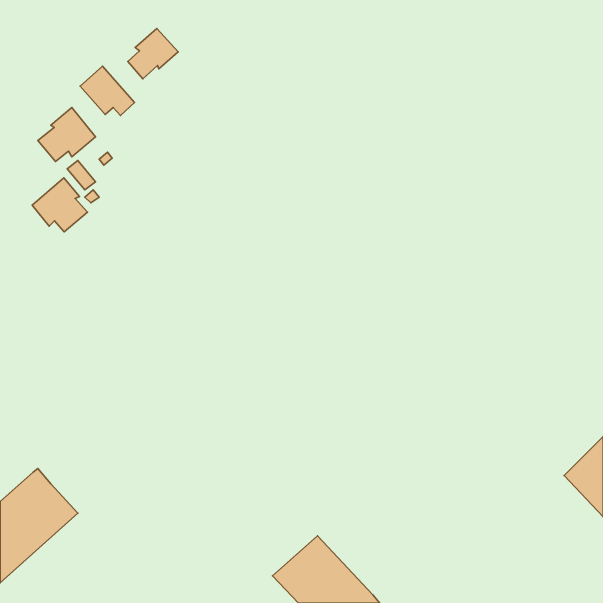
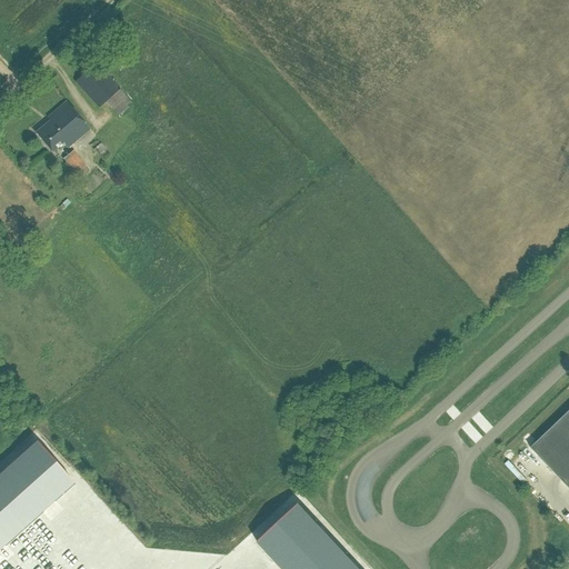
building: [128,28,178,79] -> none
building: [32,178,88,232] -> none

